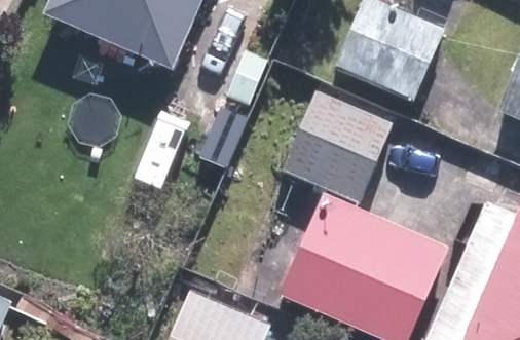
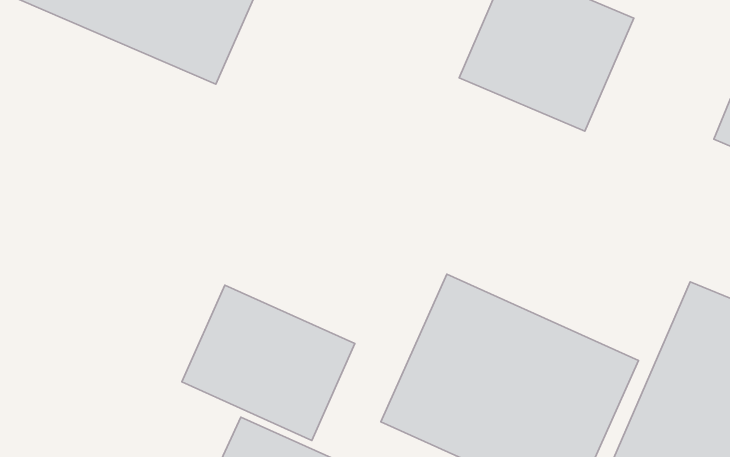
building: [284,90,392,200] -> none
building: none -> [182,285,355,441]

